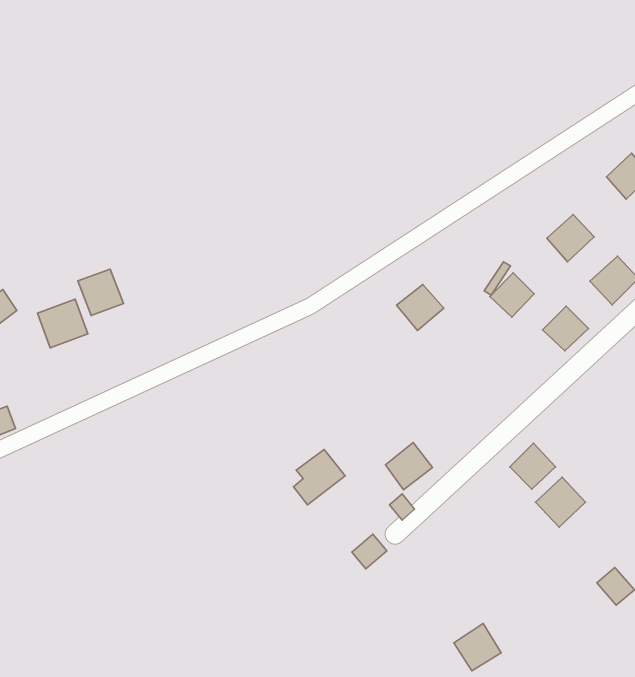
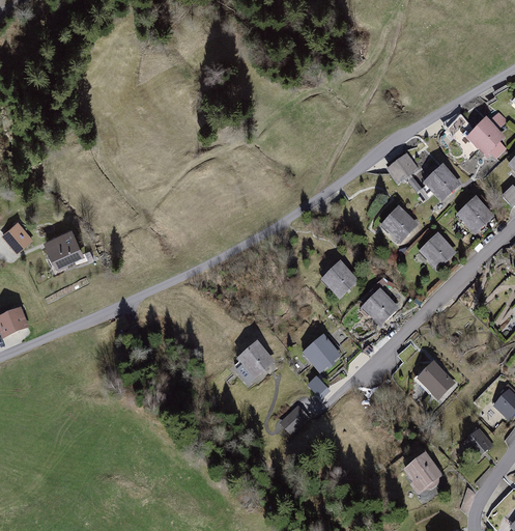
building: none -> [384,155,414,183]
building: [78,269,123,315] -> none
building: [397,284,444,330] -> [323,262,359,297]
building: [510,443,556,489] -> [364,289,398,324]
building: [454,624,501,671] -> [405,453,440,488]

